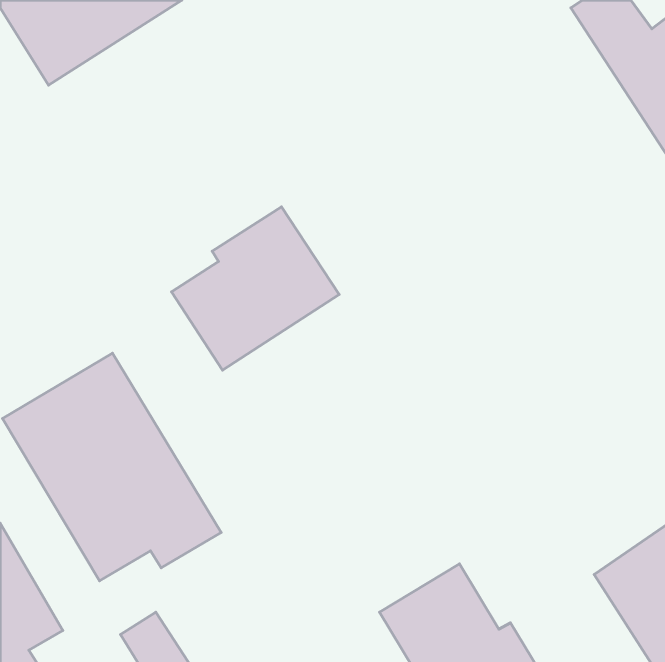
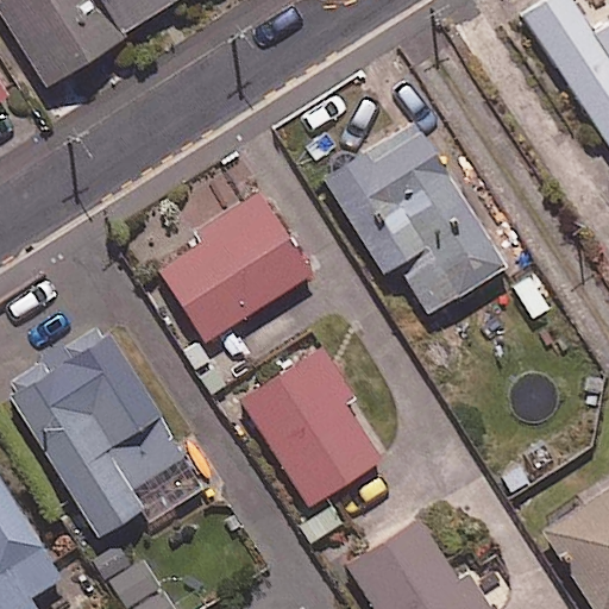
building: none -> [324,120,507,300]
building: none -> [236,345,382,508]

